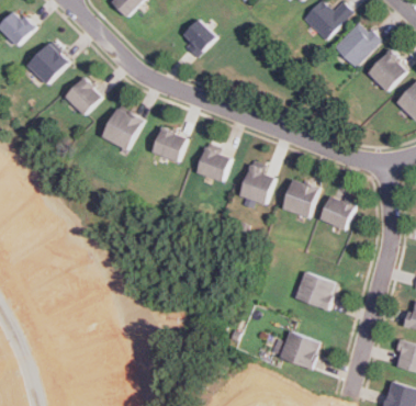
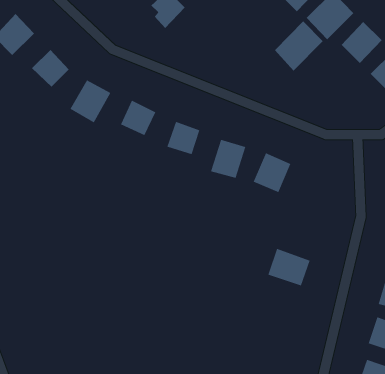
building: none -> [274,21,324,71]
building: [319,193,353,228] -> none
building: [281,329,322,366] -> none

